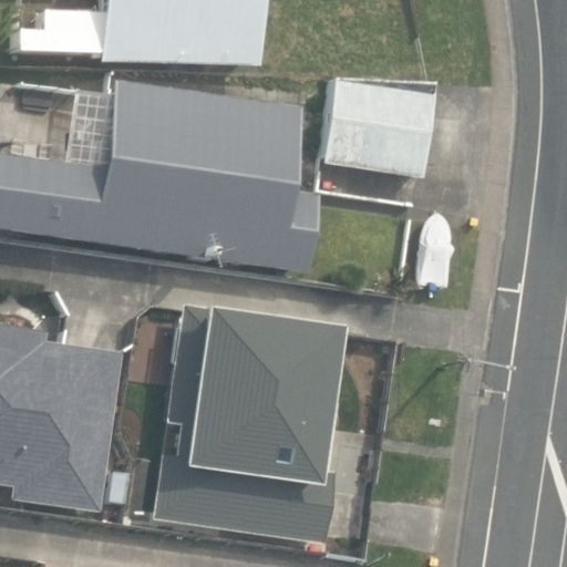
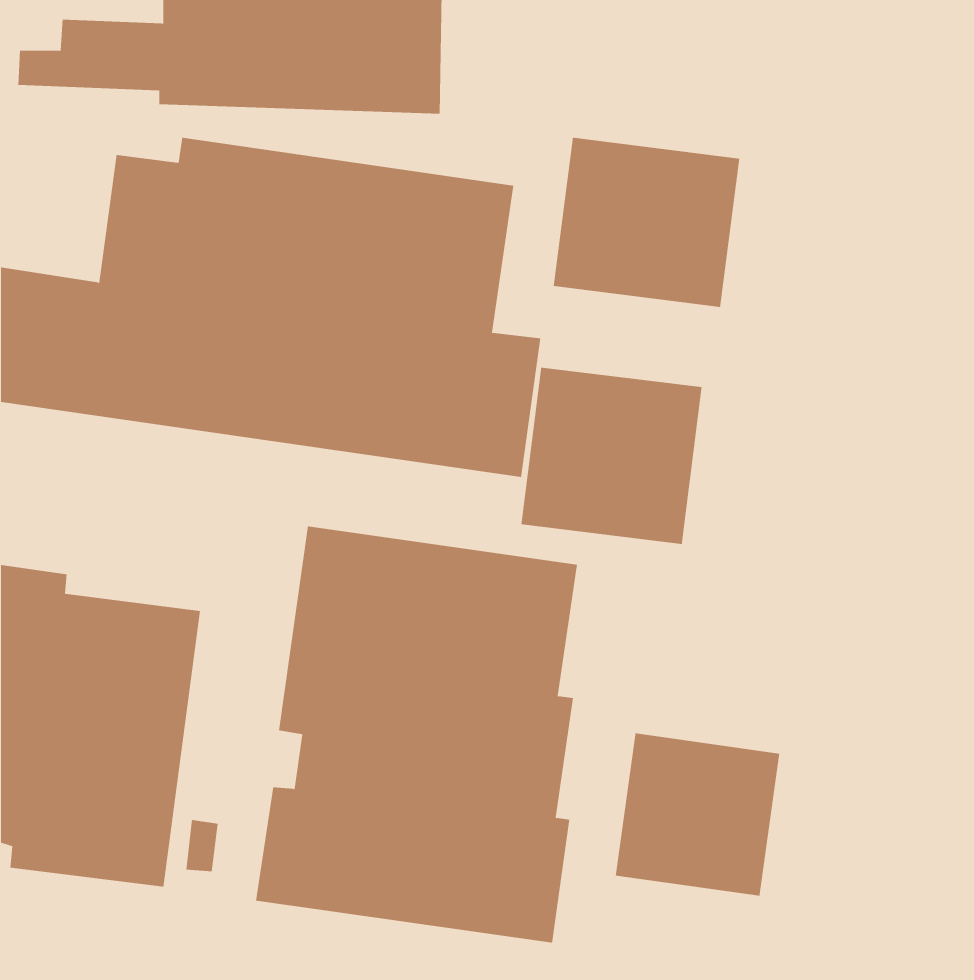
building: none -> [521,367,702,545]
building: none -> [615,733,780,896]

